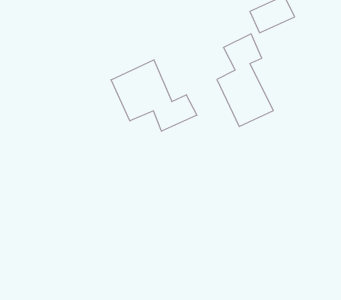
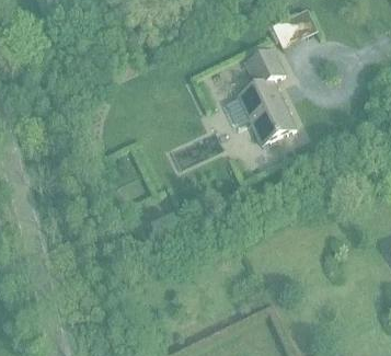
building: [111,60,197,131] -> none

